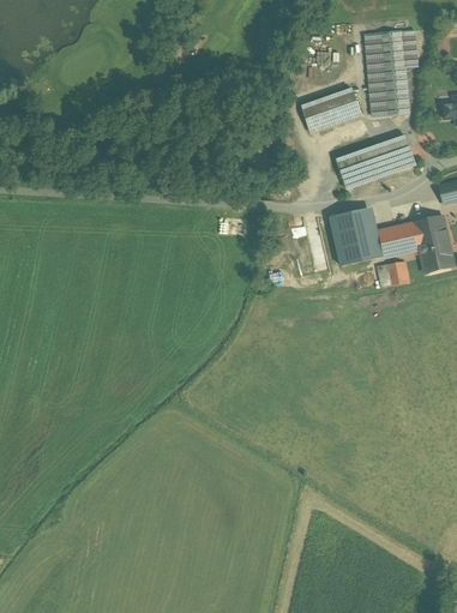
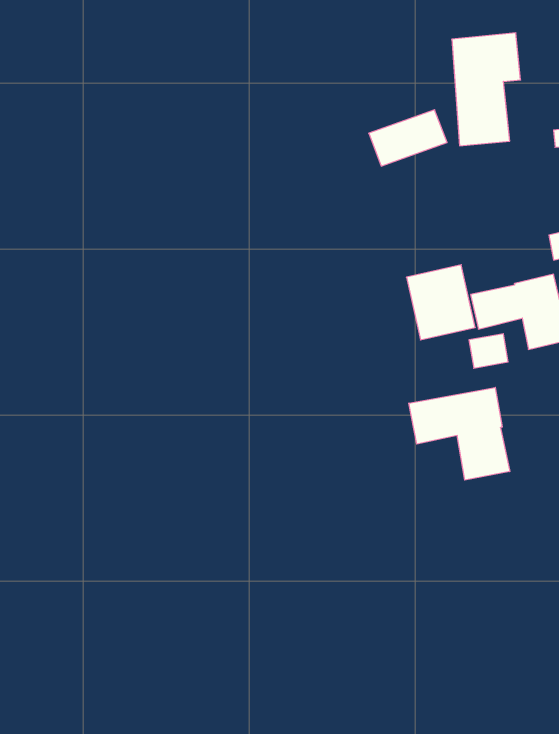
building: [337,133,415,186] -> none
building: none -> [409,387,510,480]

